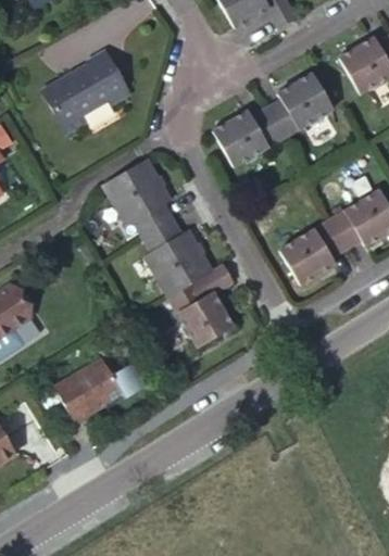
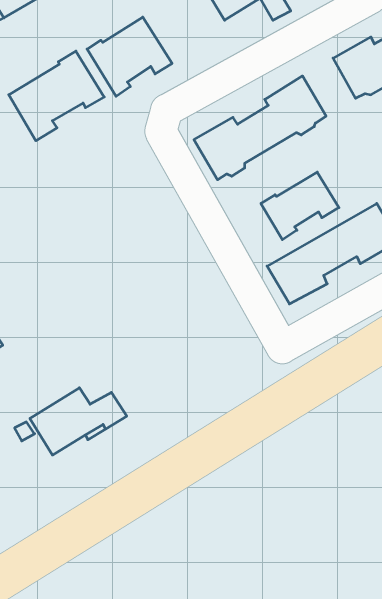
building: none -> [87,17,172,96]
building: [96,159,230,348] -> none
building: none -> [261,172,339,240]

